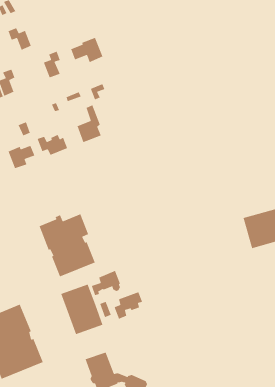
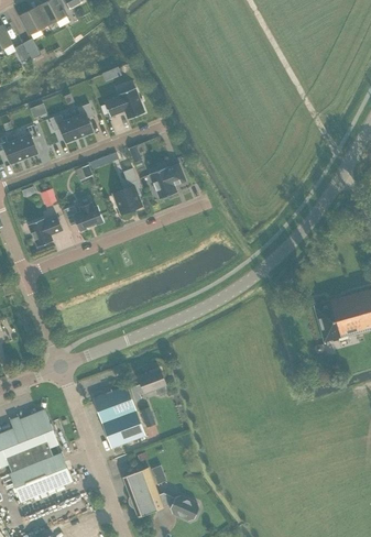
building: [7,27,32,51] -> [50,113,79,142]
building: none -> [150,163,186,199]
building: [39,213,96,277] -> none
building: [114,291,143,320] -> none

